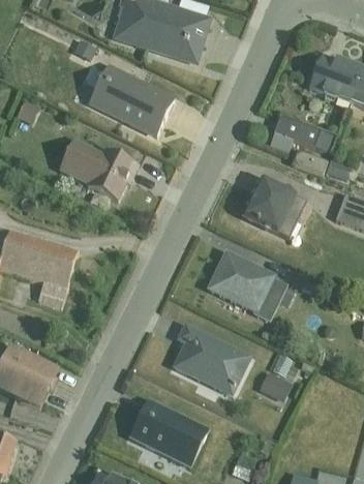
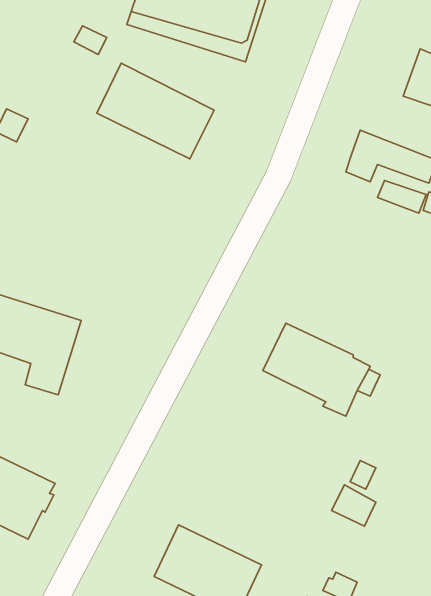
building: [59,138,140,200] -> none
building: [245,179,307,237] -> none
building: [175,325,251,394] -> none

